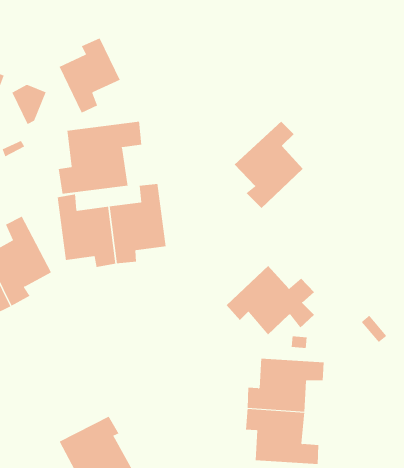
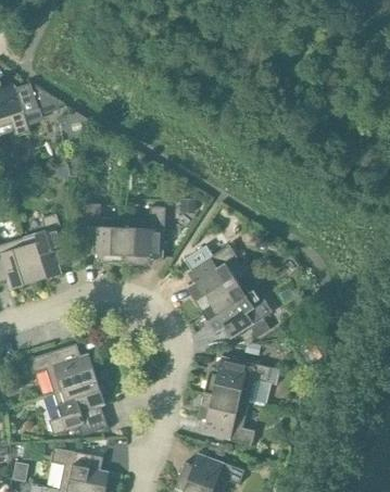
building: [59,37,120,113] -> none
building: [58,121,142,194] -> none
building: [234,121,304,209] -> [186,245,239,311]
building: none -> [28,344,96,393]

